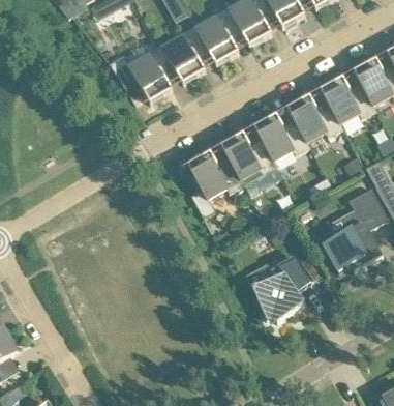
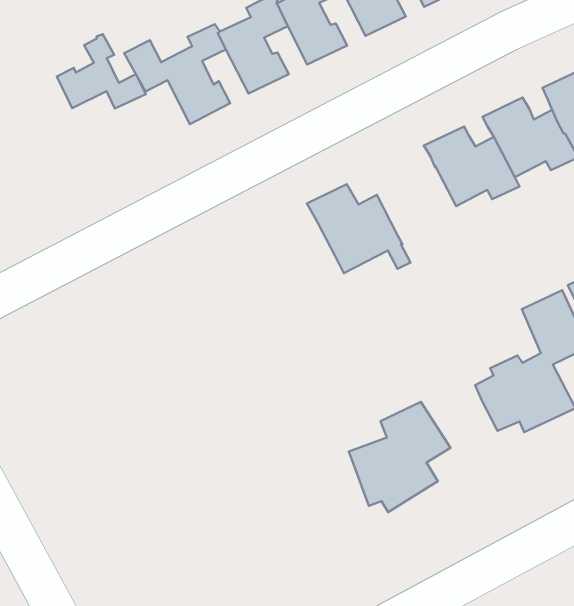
building: none -> [57,34,146,108]
building: [253,112,310,164] -> none
building: [187,149,244,215] -> none

